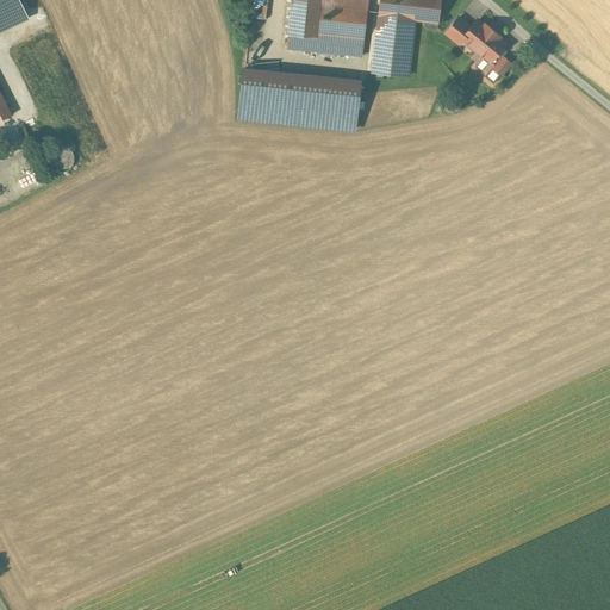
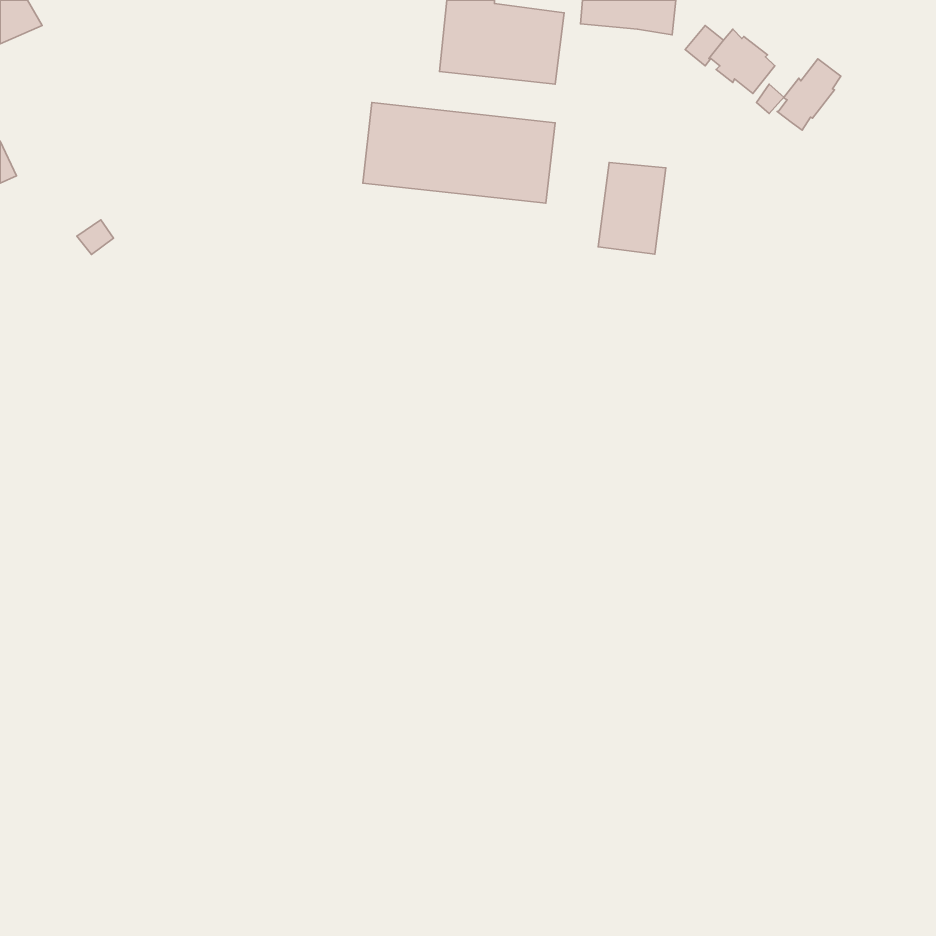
building: [371,15,415,75] -> [598,162,666,254]
building: none -> [777,59,841,130]

